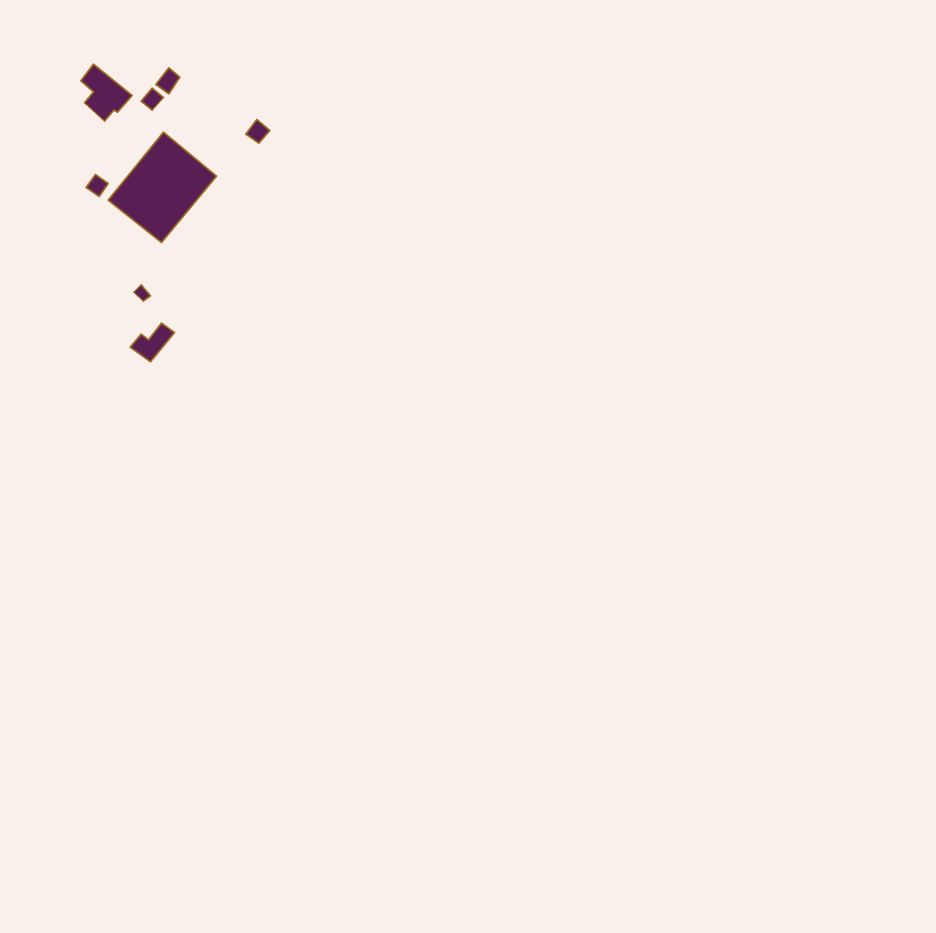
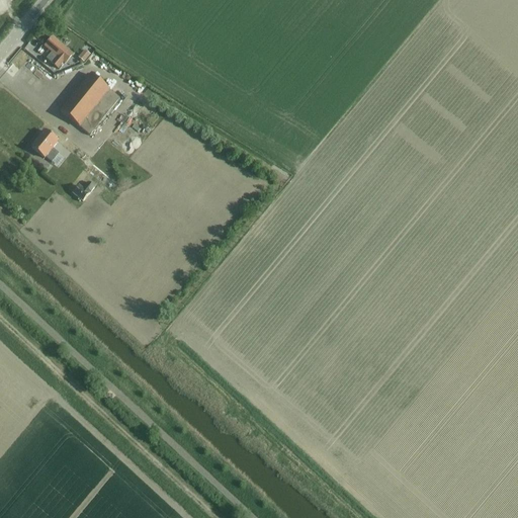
building: none -> [32,130,60,161]

